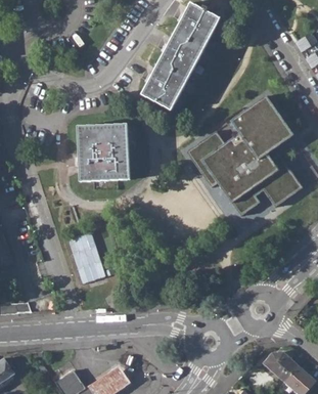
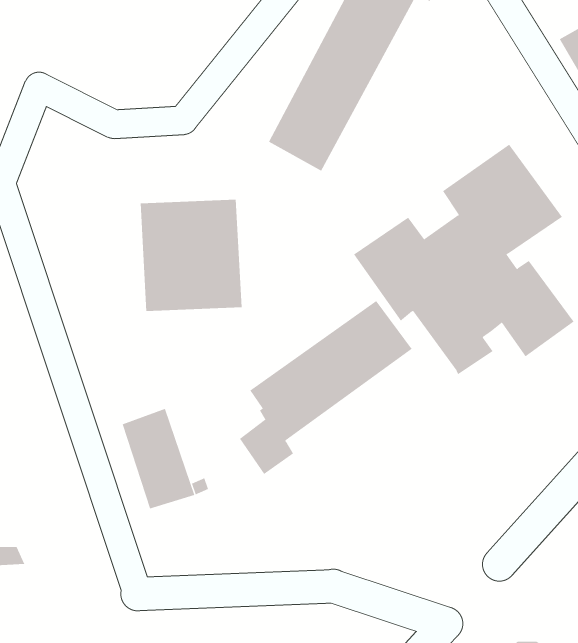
building: none -> [239,300,412,475]

